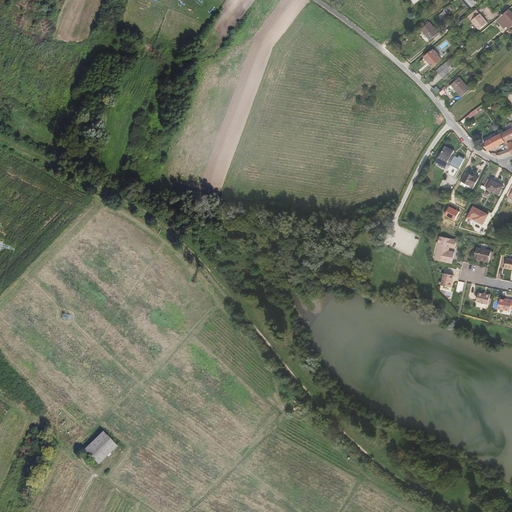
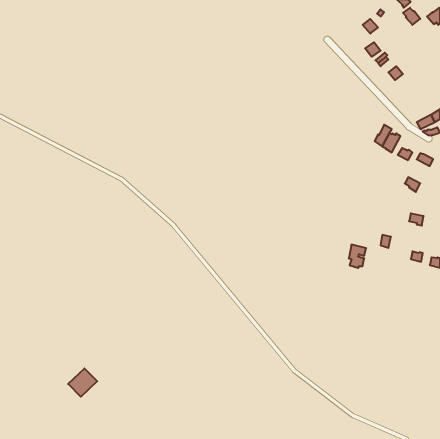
building: [437,236,457,263] -> [349,245,366,268]

